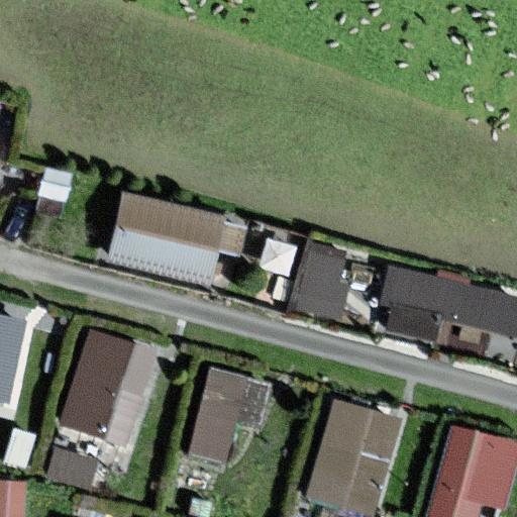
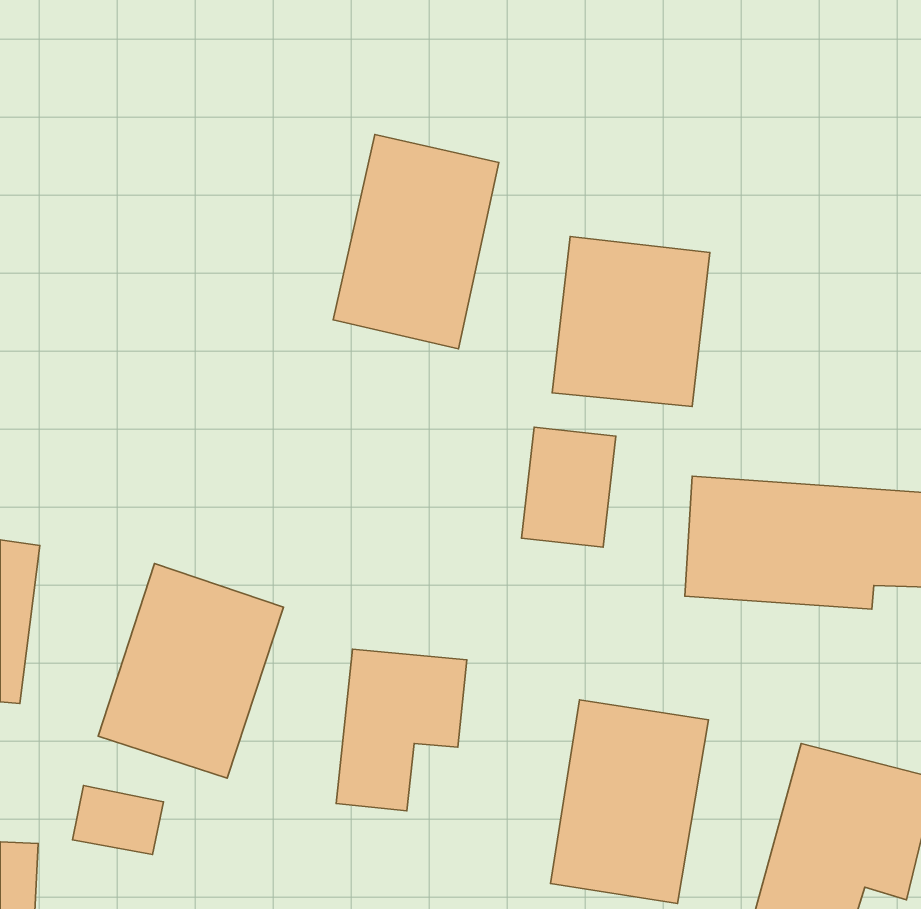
building: none -> [333,134,499,349]
building: none -> [552,236,710,407]
building: [112,208,241,291] -> none

